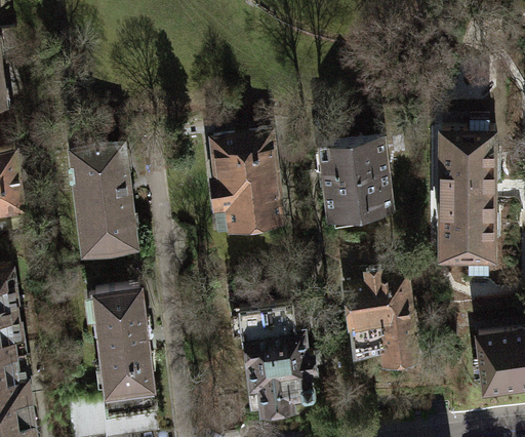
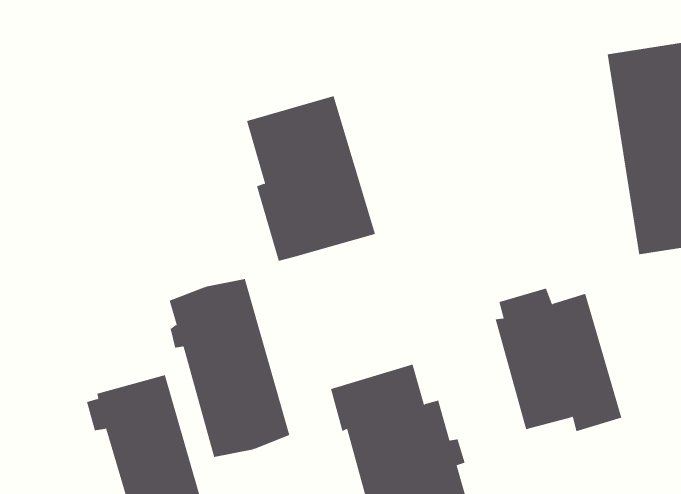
building: [321,143,392,222] -> none
building: [71,145,134,251] -> [169,278,290,457]

